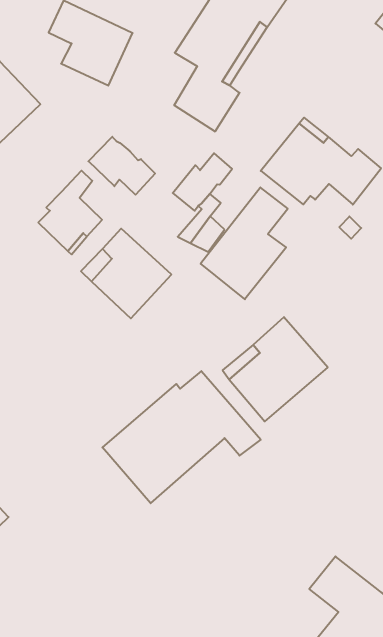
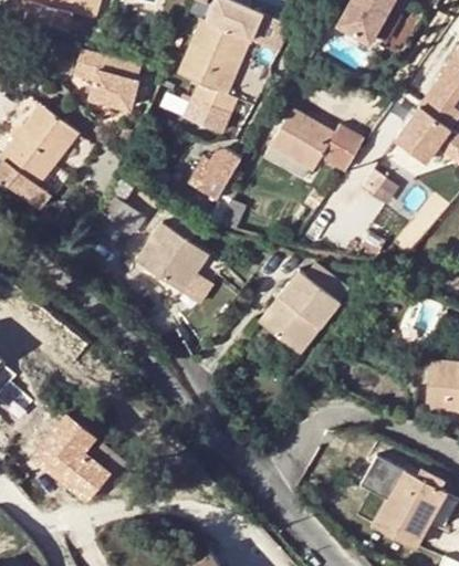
building: [88,137,155,195] -> none
building: [201,187,288,299] -> none
building: [102,371,261,503] -> none

